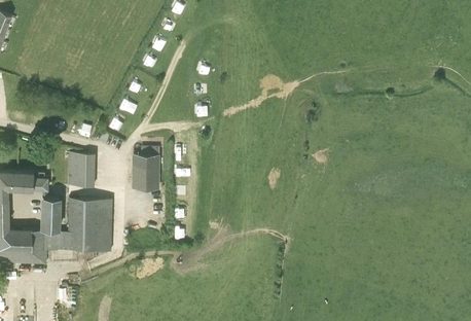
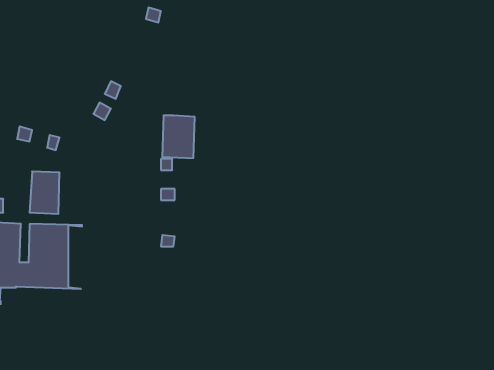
building: [132,154,158,189] -> [162,116,195,158]

